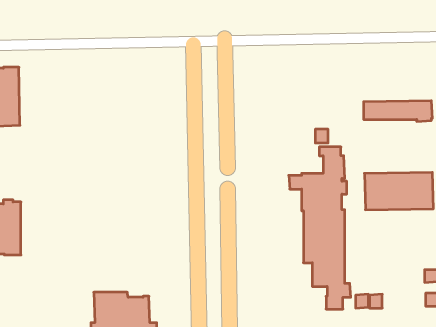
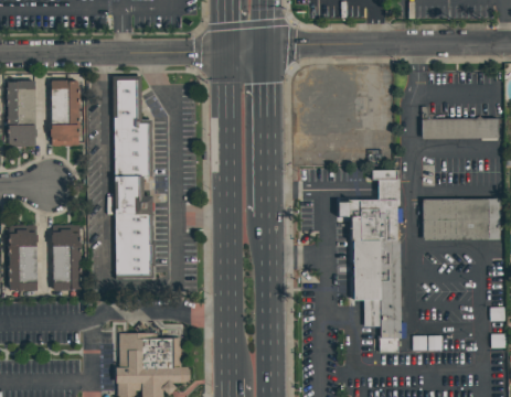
building: none -> [111,76,155,277]
building: none -> [51,81,78,146]
building: none -> [52,229,81,290]

